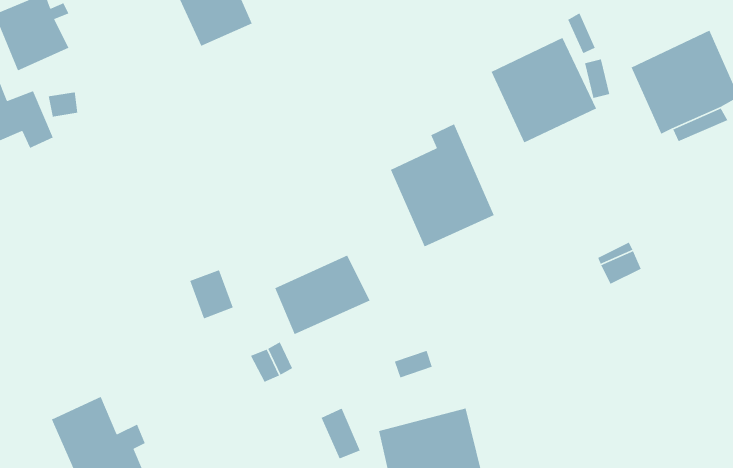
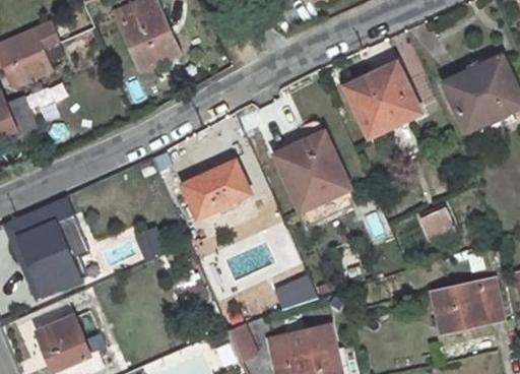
building: none -> [18,208,89,294]
building: [274,255,371,335] -> [184,160,252,216]
building: none -> [432,278,502,333]

